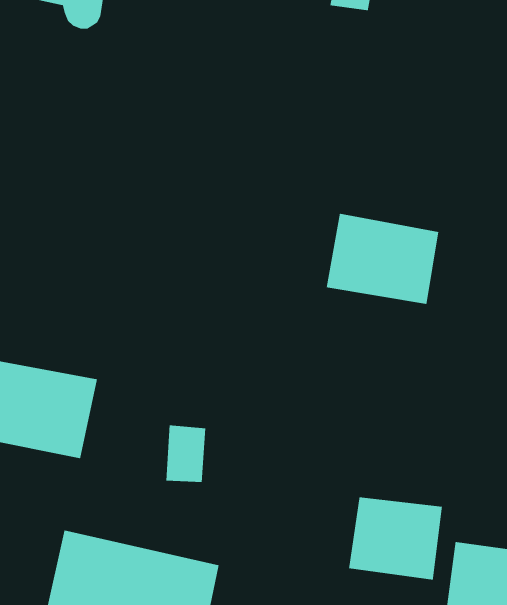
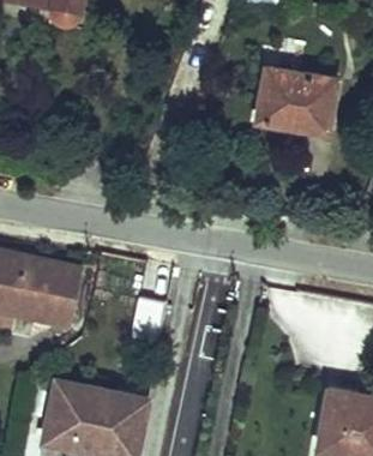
building: [326,213,439,304] -> [258,70,338,134]
building: [349,496,443,581] -> none

